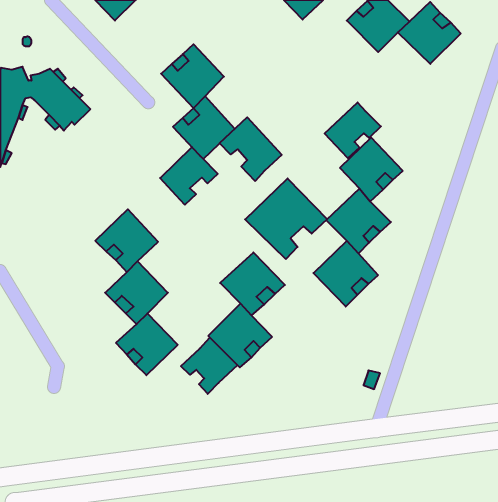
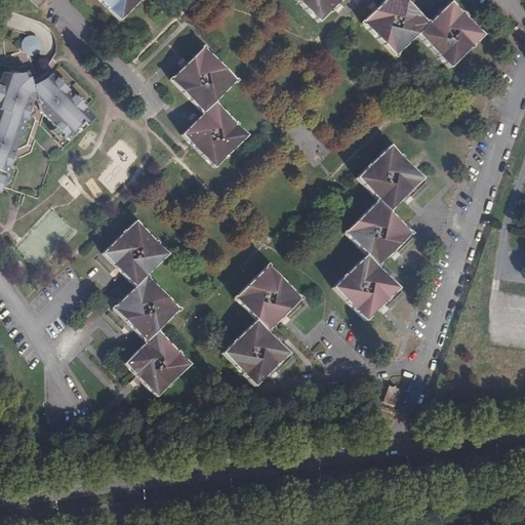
building: [325,102,381,158] -> none
building: [220,117,282,181] -> none
building: [160,147,218,205] -> none
building: [245,178,327,259] -> none
building: [181,337,237,394] -> none

